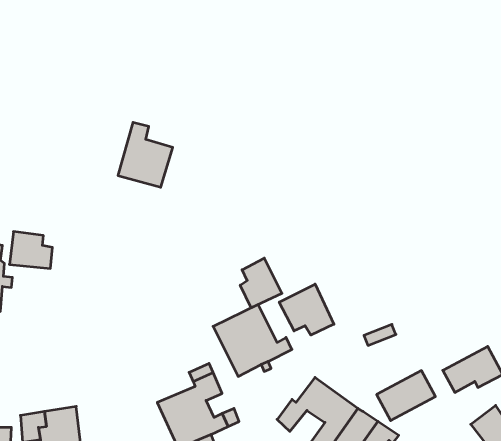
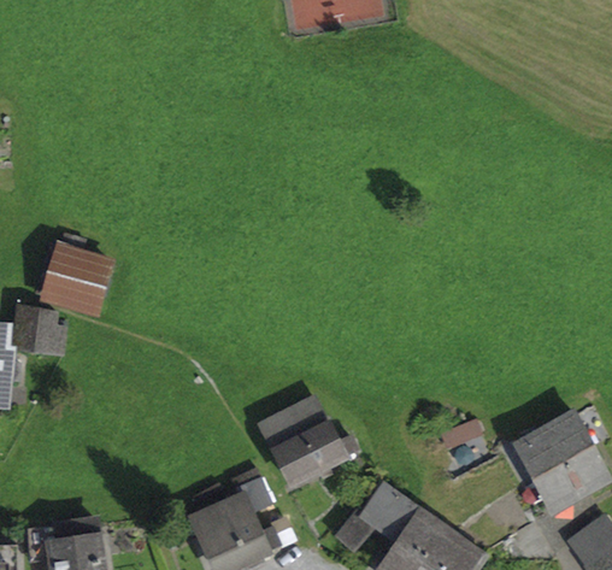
building: [118,122,173,187] -> [46,234,112,312]
building: [240,258,282,308] -> none
building: [279,284,334,335] -> none
building: [377,371,435,421] -> [520,416,592,476]

